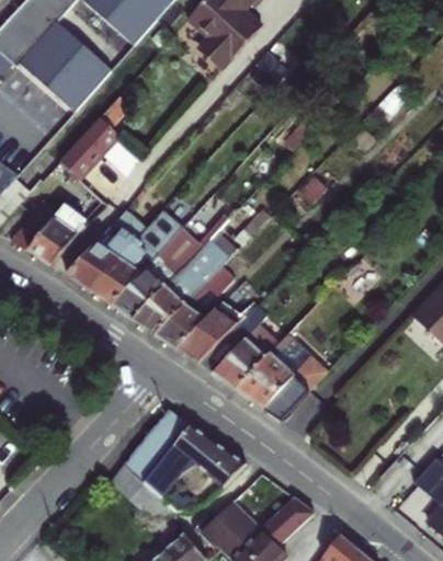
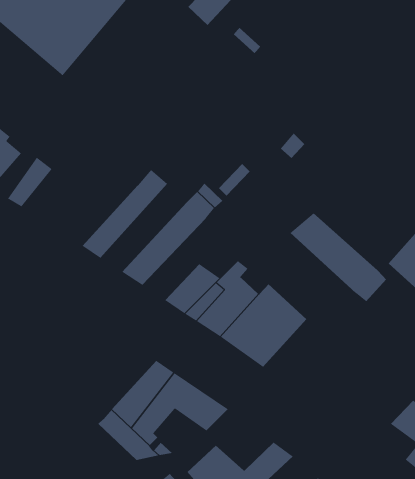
building: [60,92,134,180] -> none
building: [67,208,150,293] -> none
building: [30,213,87,268] -> none
building: [112,228,202,320] -> none
building: none -> [290,213,387,302]
building: [156,264,236,350] -> none

